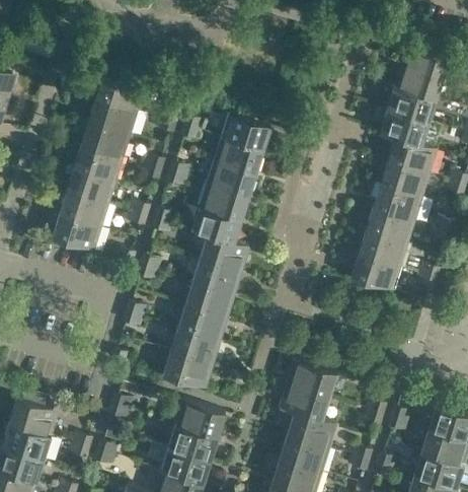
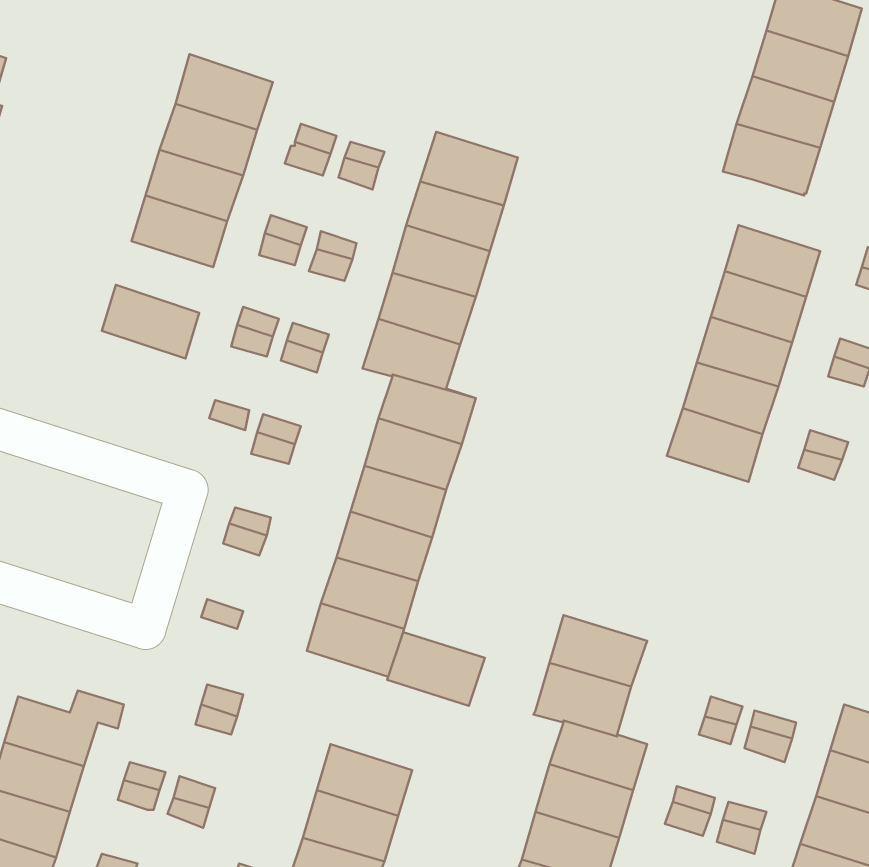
building: [383,139,432,175] -> none
building: [66,170,115,207] -> none
building: [52,216,101,255] -> none
building: [175,403,225,440] -> [387,632,485,706]

